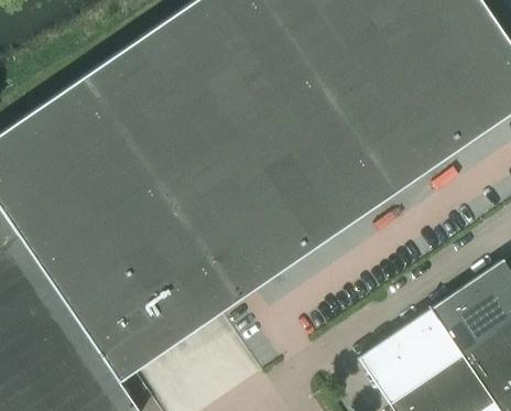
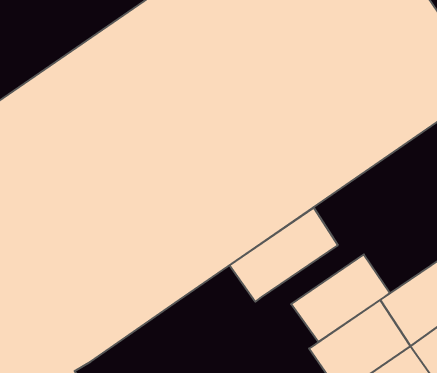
building: none -> [230,208,338,302]
building: none -> [291,254,390,342]

